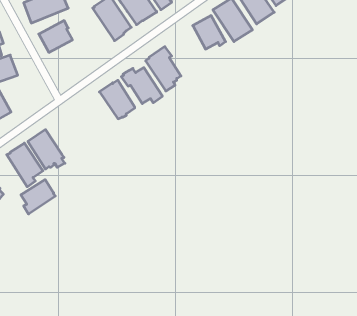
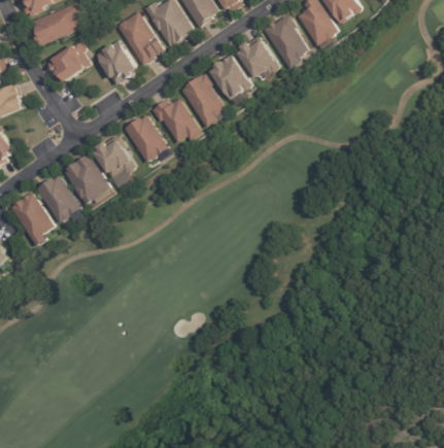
building: none -> [95,39,138,84]
building: none -> [210,57,250,100]
building: none -> [94,135,137,187]
building: none -> [64,154,110,204]
building: [21,180,55,214] -> none

